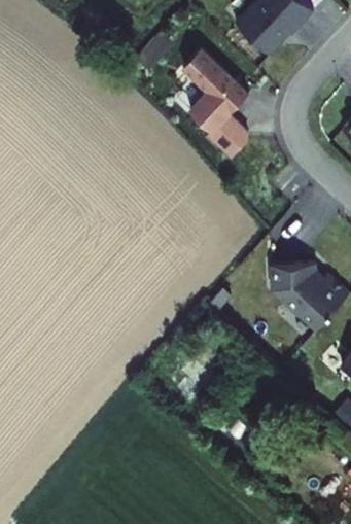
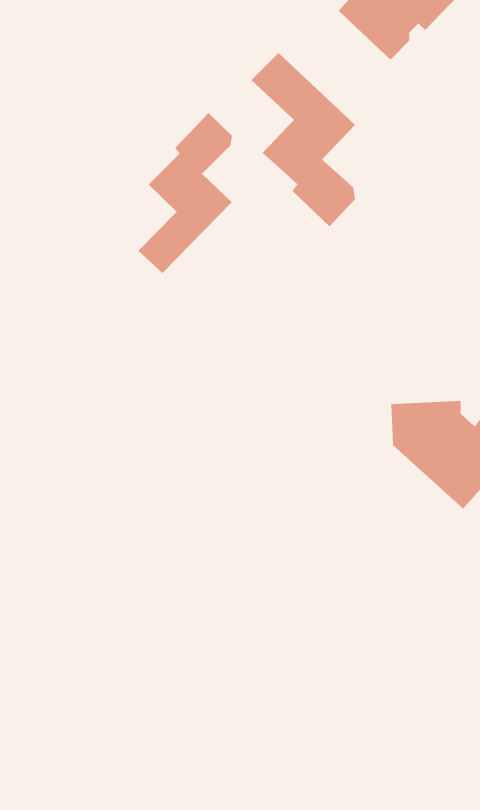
building: none -> [137,112,232,274]

